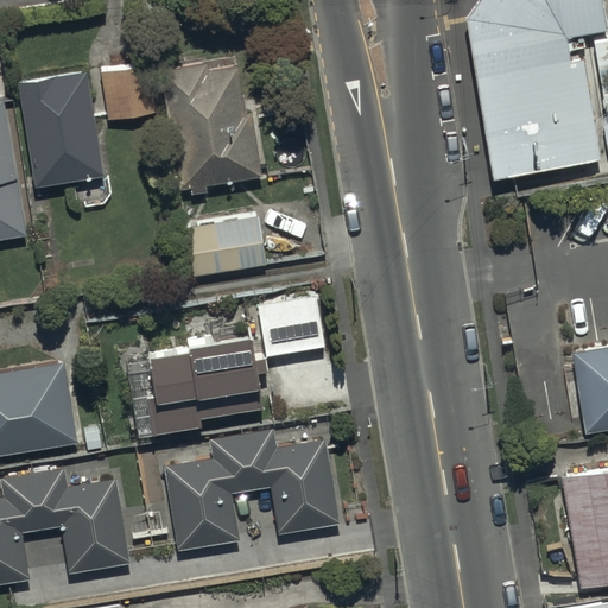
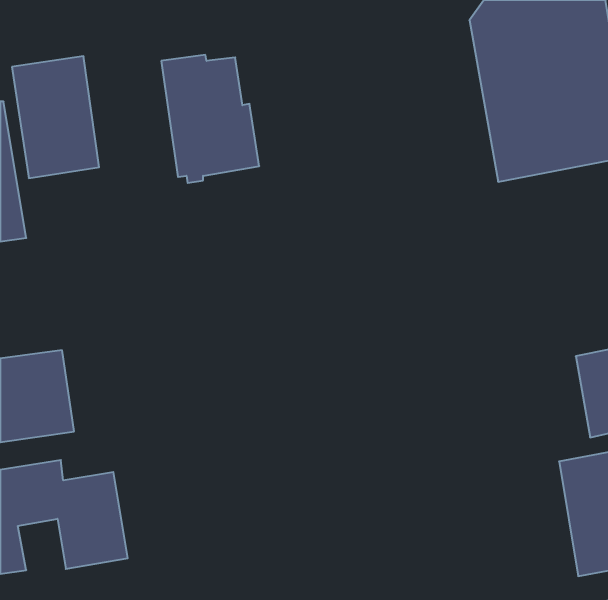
building: [101,65,152,120] -> none
building: [183,216,266,278] -> none
building: [259,300,325,359] -> none
building: [146,330,267,430] -> none
building: [160,432,334,550] -> none

